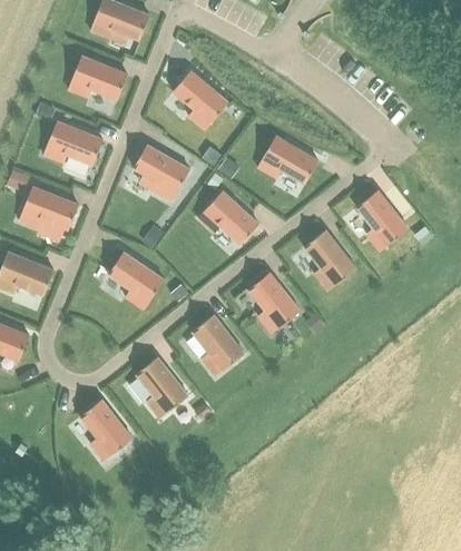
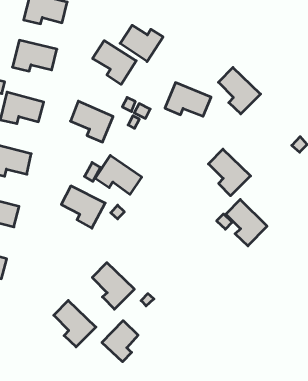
building: none -> [120,25,163,62]
building: [356,190,409,252] -> [218,67,261,114]
building: [198,191,258,245] -> [95,155,142,194]
building: [248,273,300,334] -> [226,199,267,246]
building: [193,315,244,376] -> none
building: none -> [102,321,138,362]

